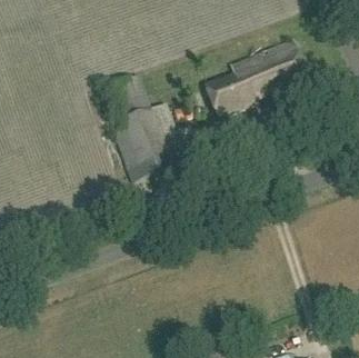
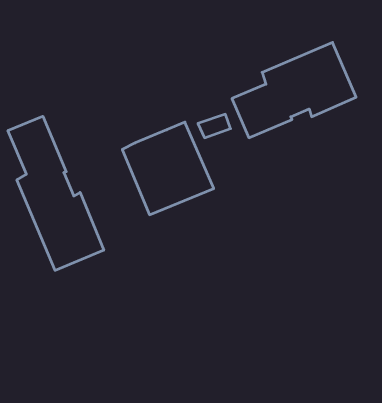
building: none -> [8,116,104,270]

